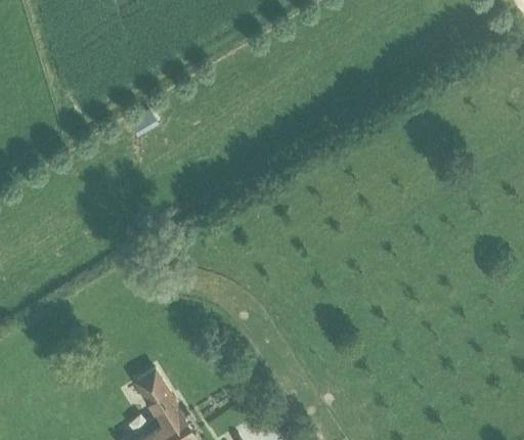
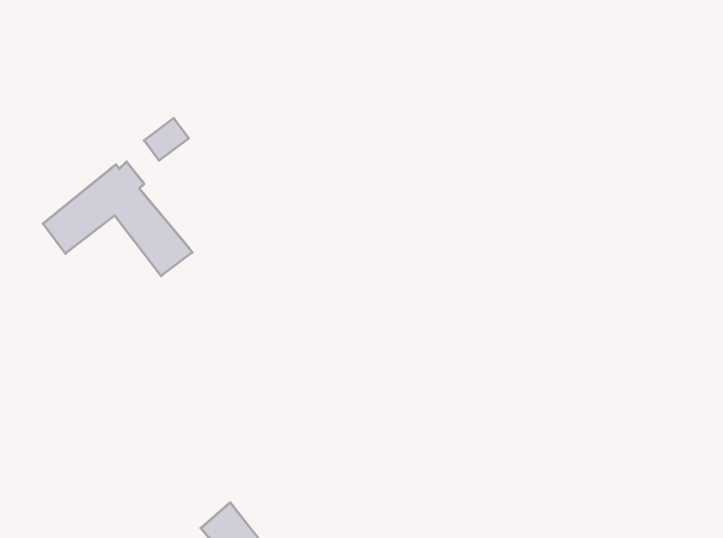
building: none -> [43,162,192,276]

